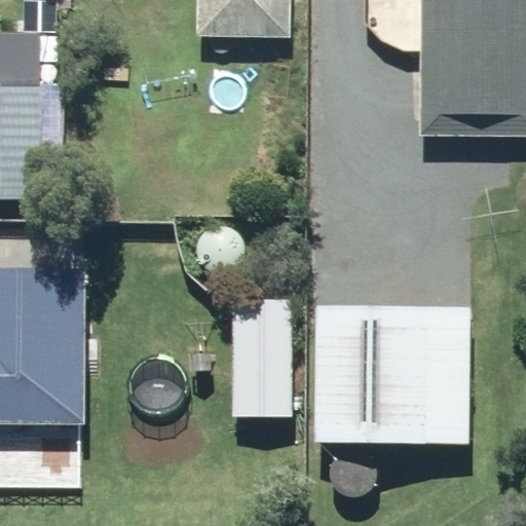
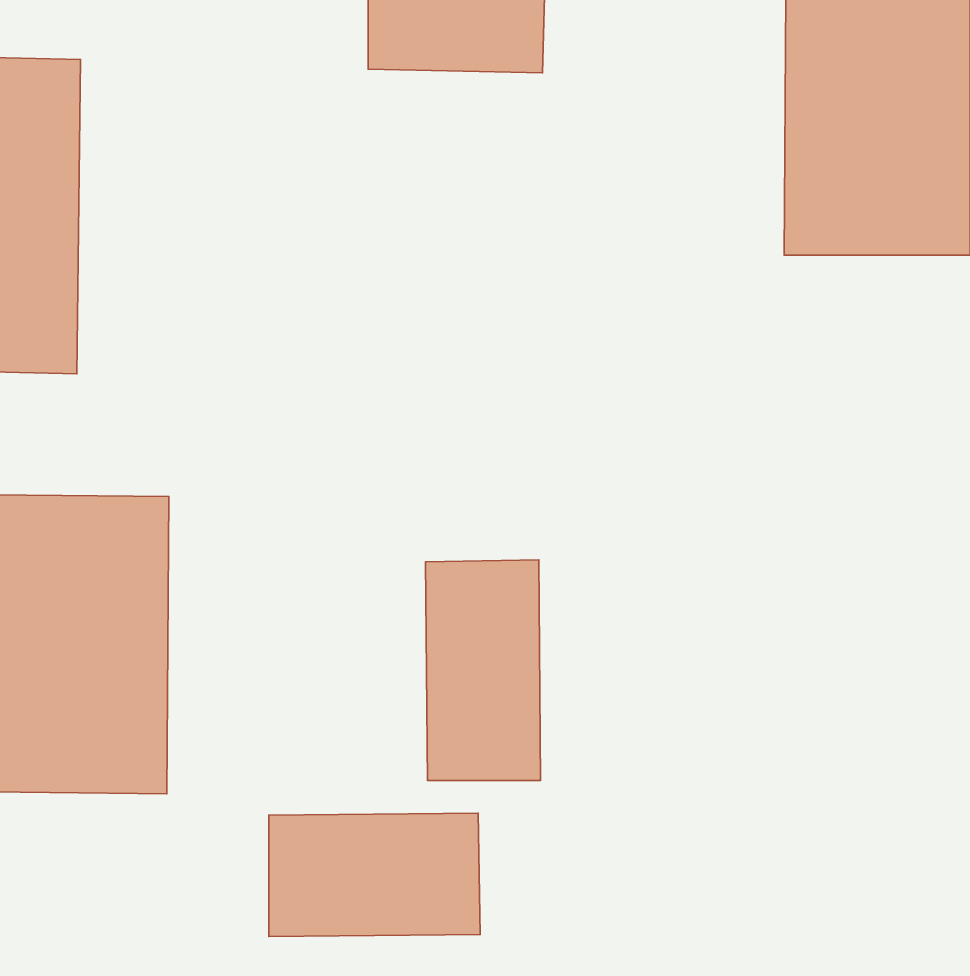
building: [317,305,473,443] -> none
building: none -> [269,813,480,936]

